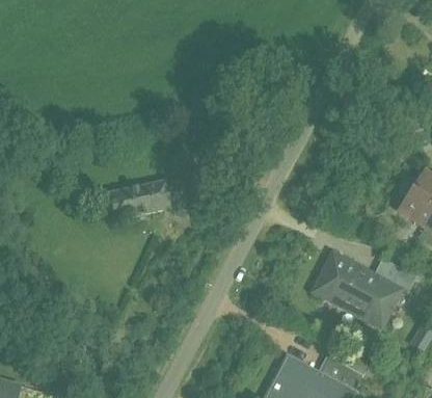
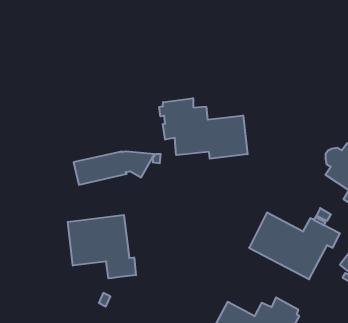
building: none -> [159,98,248,159]
building: none -> [68,215,136,278]

